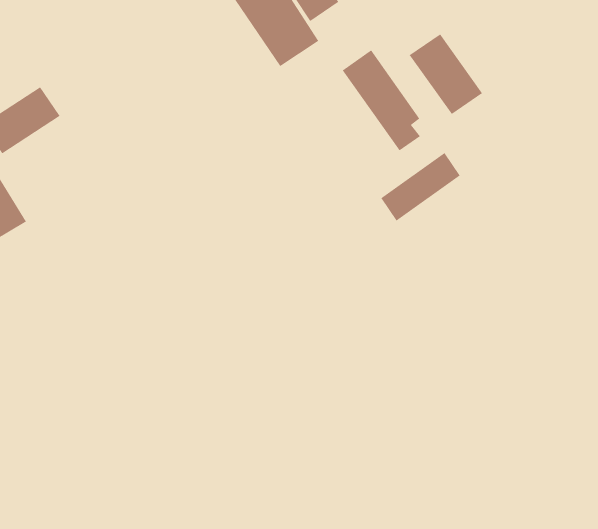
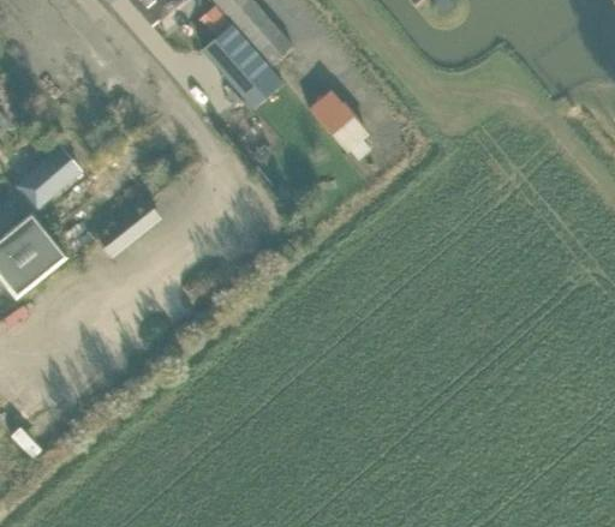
building: [409,33,483,115] -> none
building: [380,152,461,221] -> none

